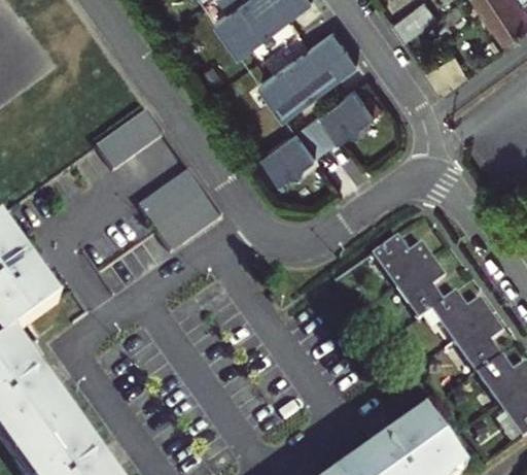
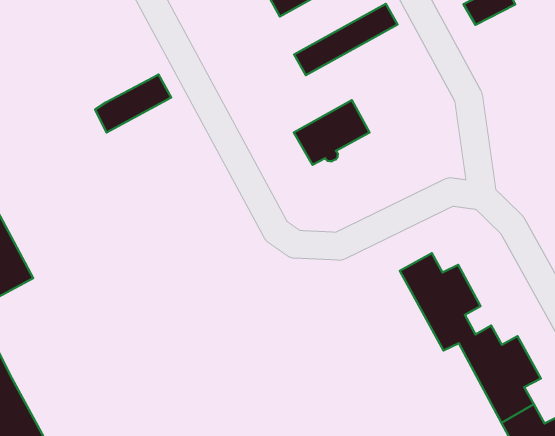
building: [273,45,358,115] -> none
building: [315,82,380,141] -> none
building: [133,169,217,251] -> none

